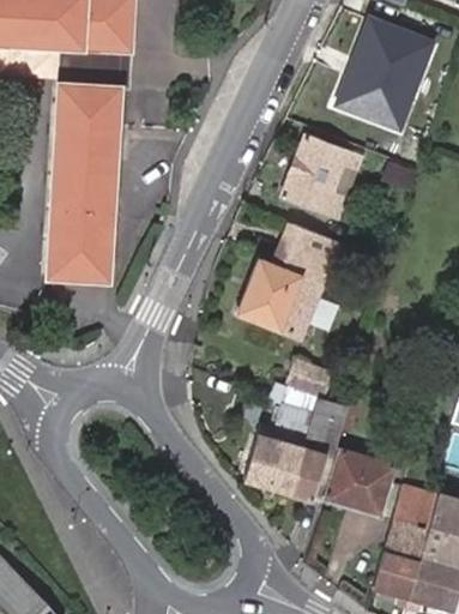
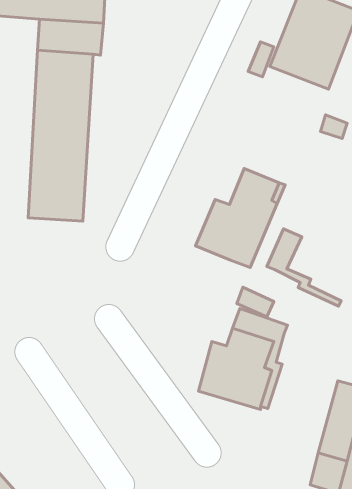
building: [286,137,369,221] -> none
building: none -> [267,229,341,306]
building: [327,451,400,520] -> none

